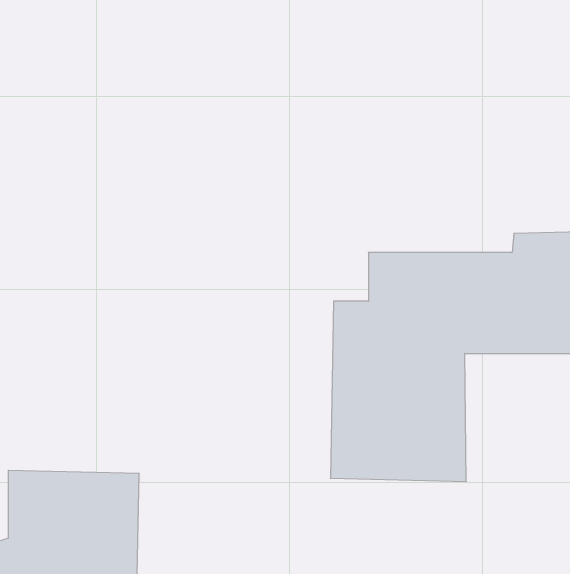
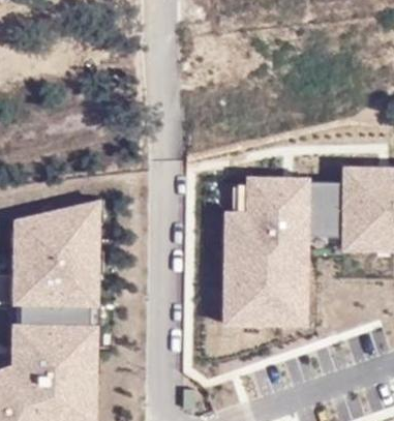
building: none -> [11,198,101,325]

